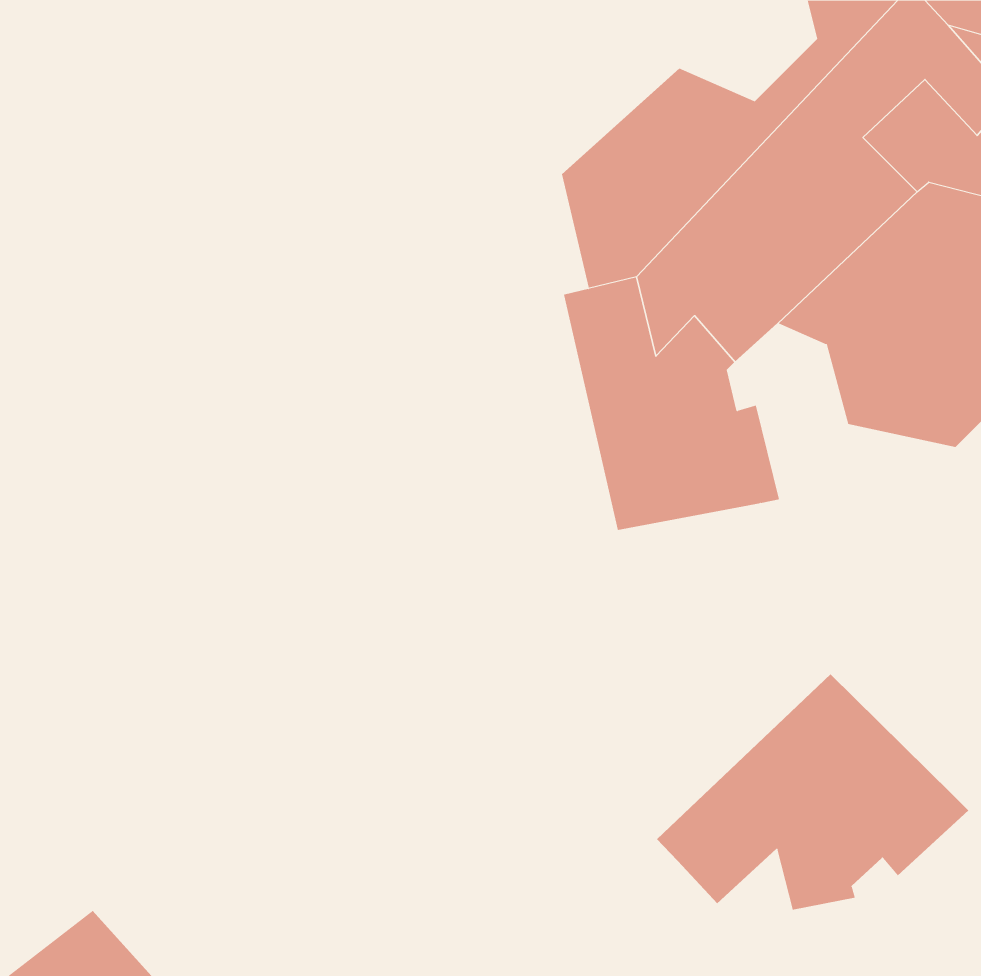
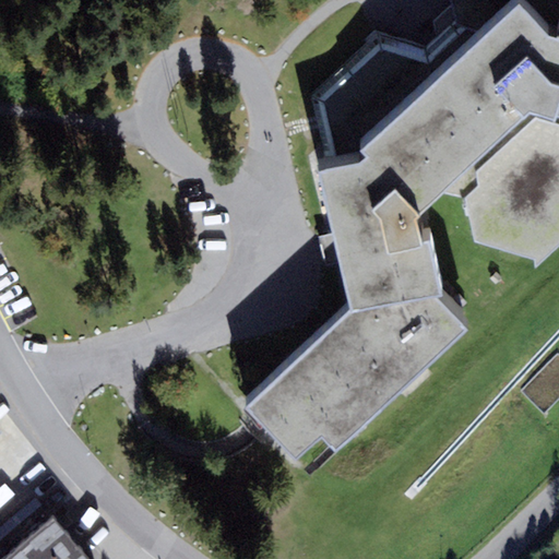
building: none -> [247,292,468,461]
building: [656,673,969,910] -> none

